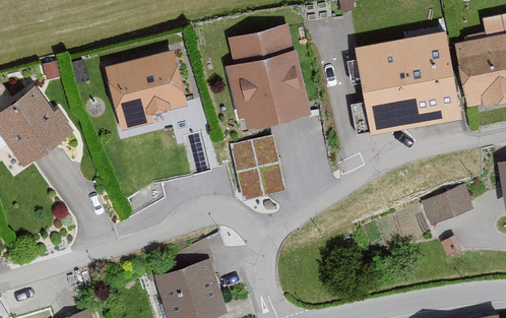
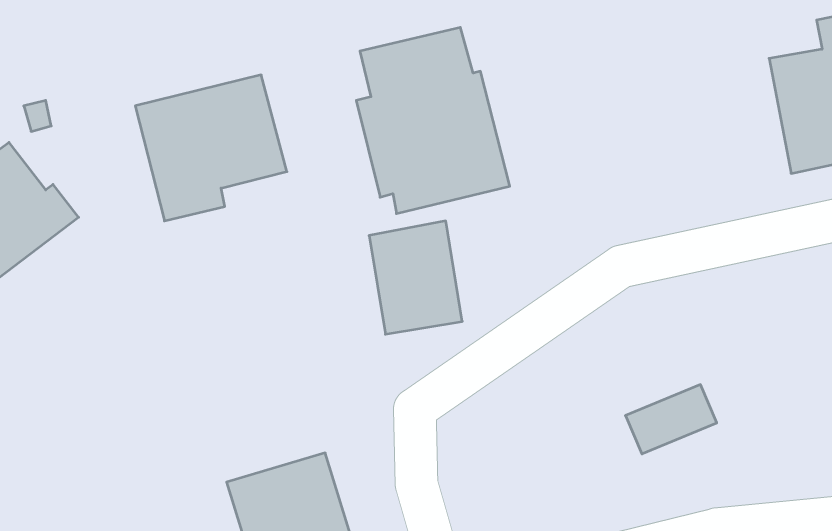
building: [355,28,462,134] -> none
building: [420,186,470,225] -> [625,385,717,454]

